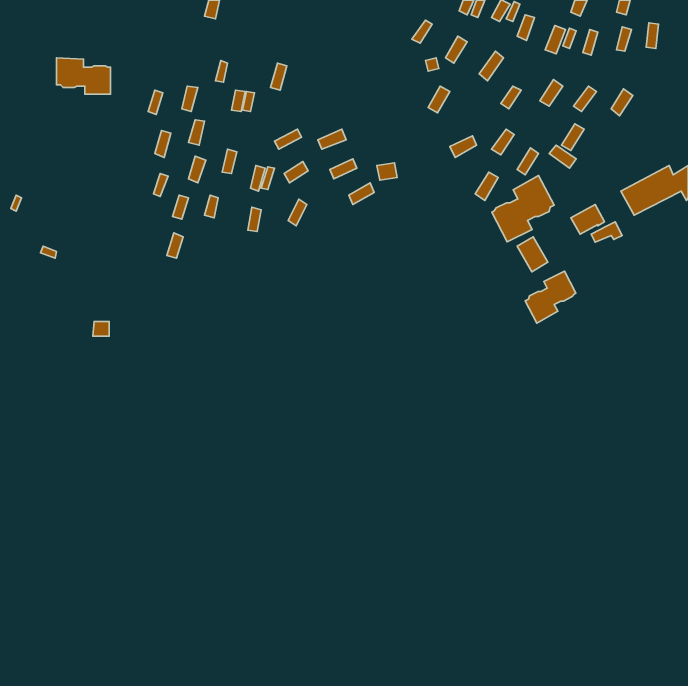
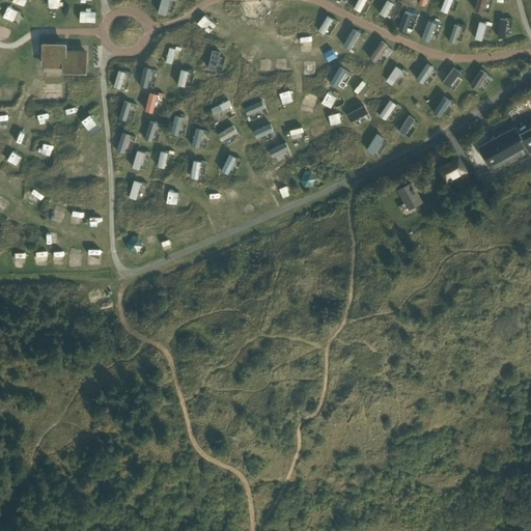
building: [492,175,554,242] -> none
building: [525,271,576,323] -> none

